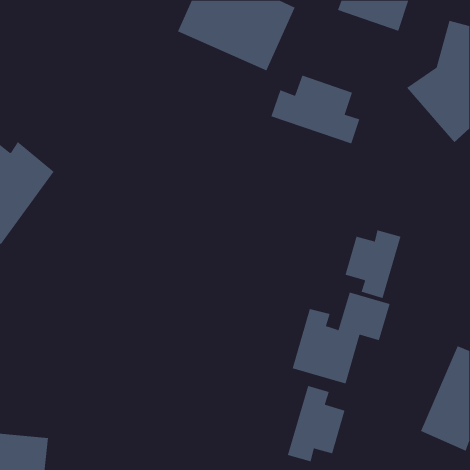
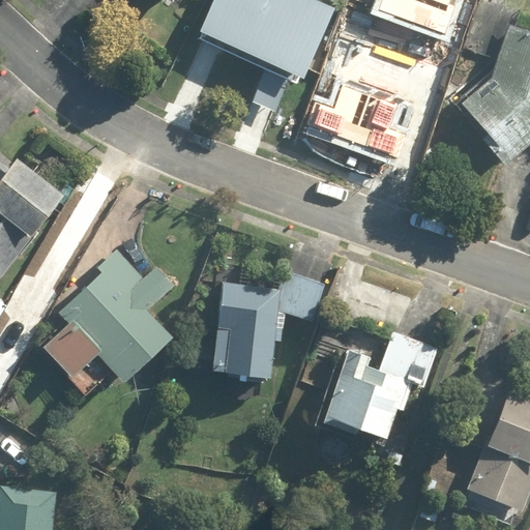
building: none -> [47,254,175,389]
building: [345,229,401,299] -> none
building: none -> [217,267,322,372]
building: [287,385,345,462] -> none

